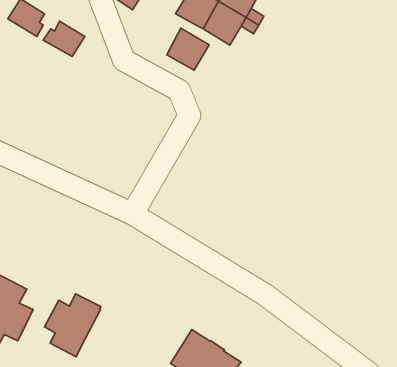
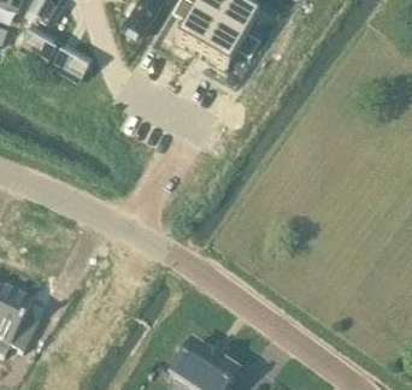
building: [167,28,209,70] -> none
building: [44,294,101,357] -> none

